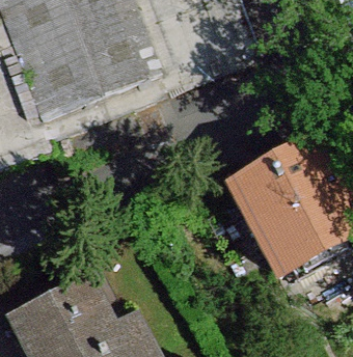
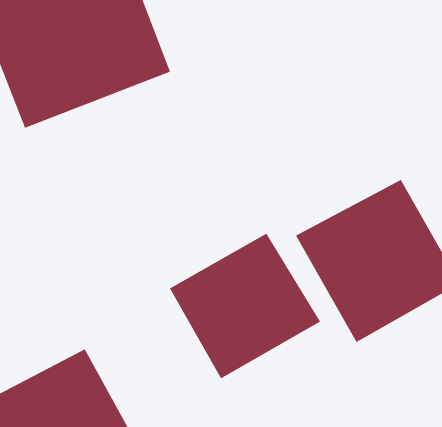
building: none -> [169,233,321,379]

